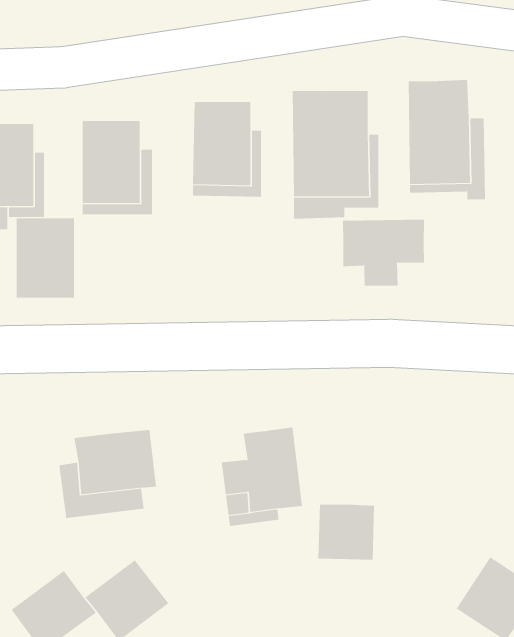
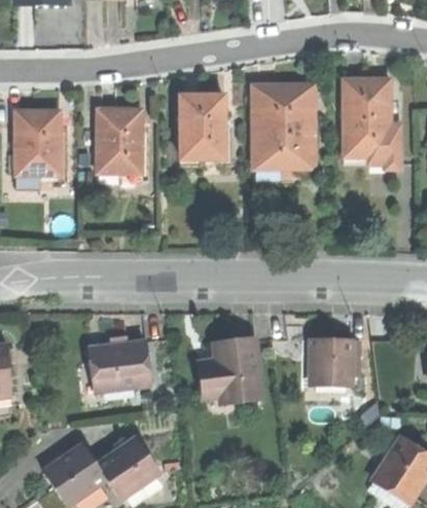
building: [16,218,74,299] -> none
building: [342,219,425,287] -> none
building: [318,504,375,560] -> [308,336,351,378]

